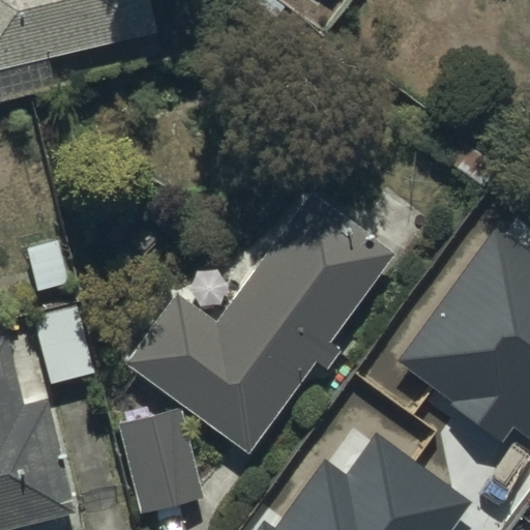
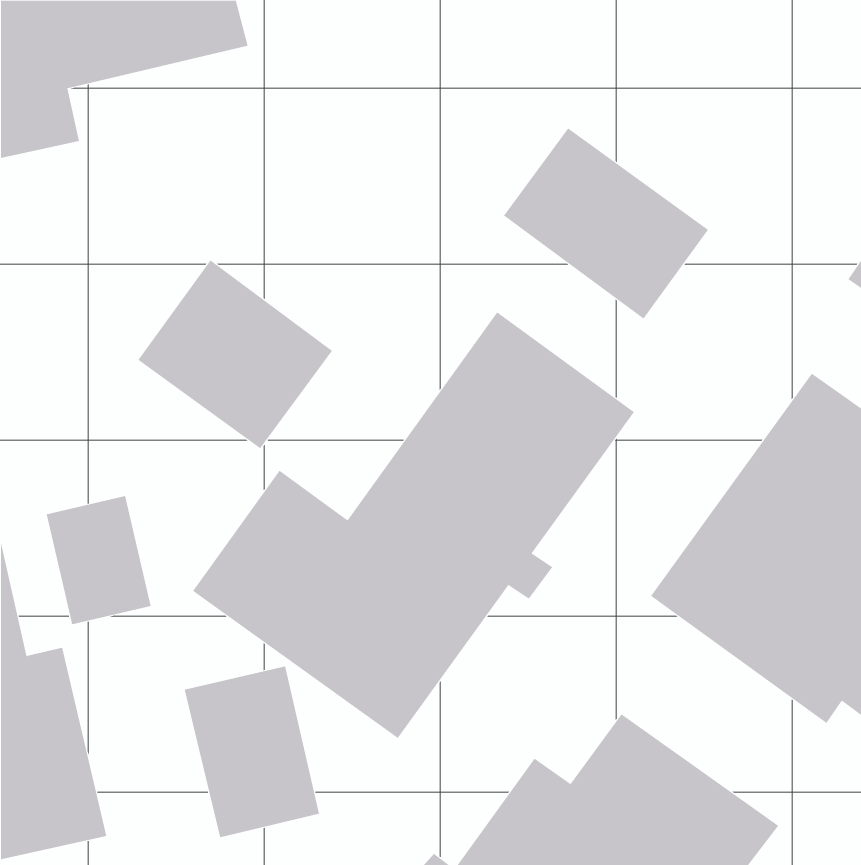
building: none -> [503,127,709,320]
building: none -> [137,260,333,449]

